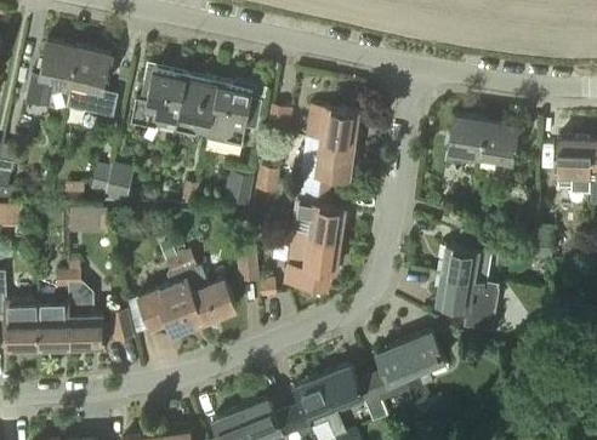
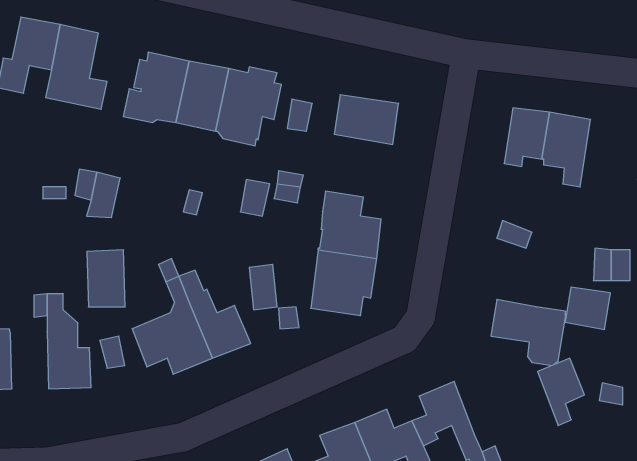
building: [298,138,354,190] -> none
building: [440,246,478,281] -> [565,287,610,329]
building: [38,302,69,349] -> [87,250,125,307]
building: [405,332,444,388] -> [538,358,584,426]

